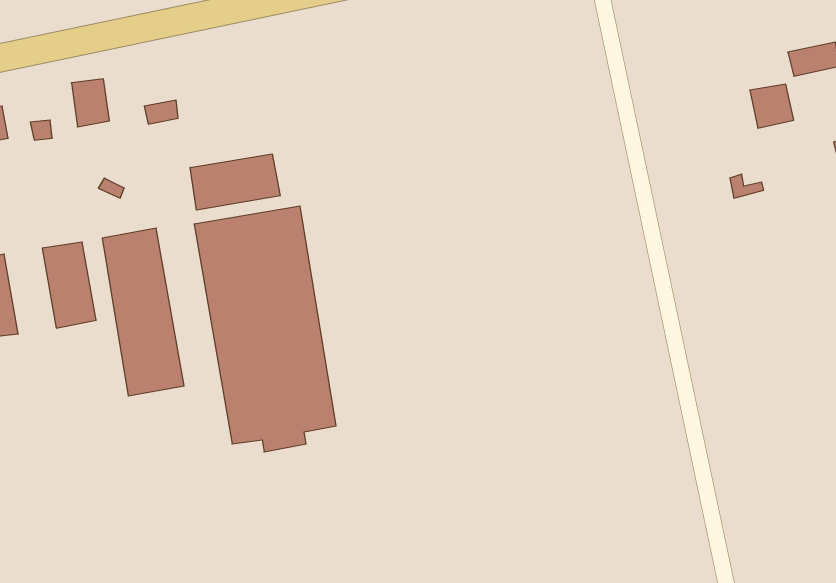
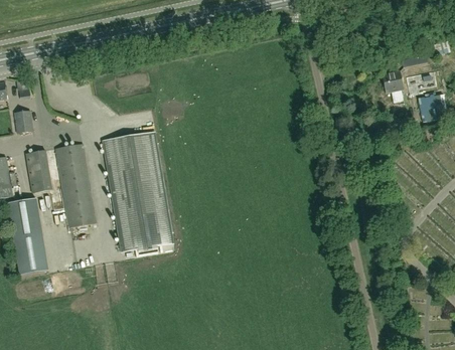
building: [71,79,109,127] -> [13,110,32,134]
building: [190,154,280,210] -> none
building: none -> [10,198,50,274]

